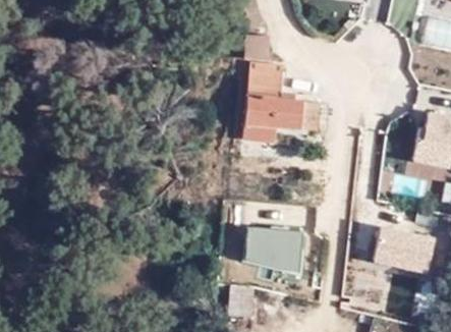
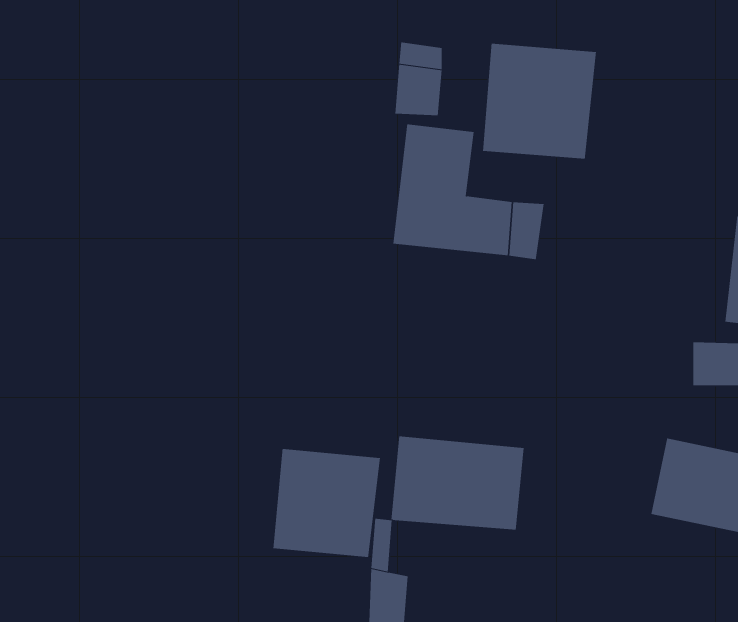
building: none -> [482,43,596,160]
building: none -> [273,448,380,558]

